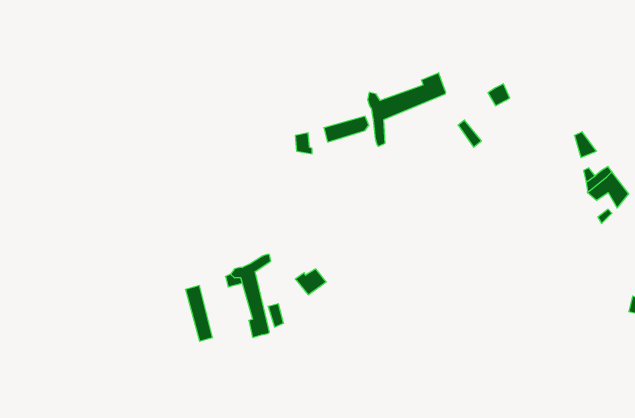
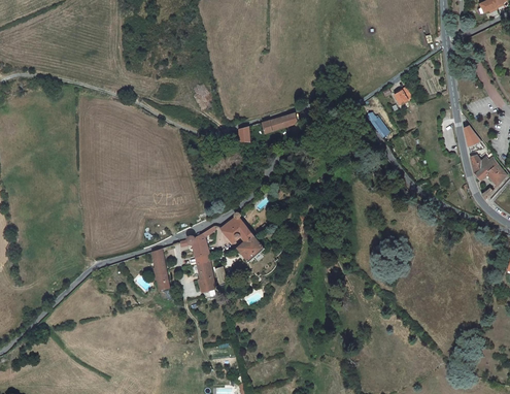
building: [368,73,446,146] -> none
building: none -> [224,210,254,240]

